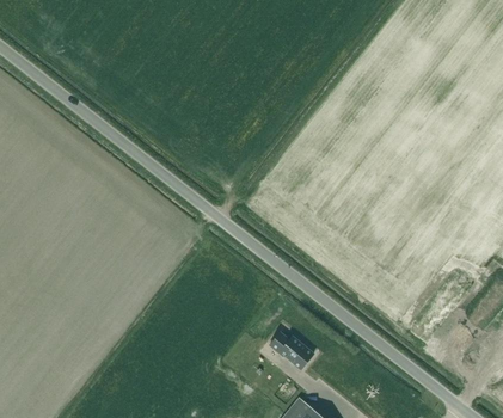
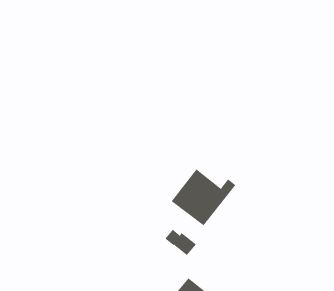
building: none -> [171,169,236,226]

